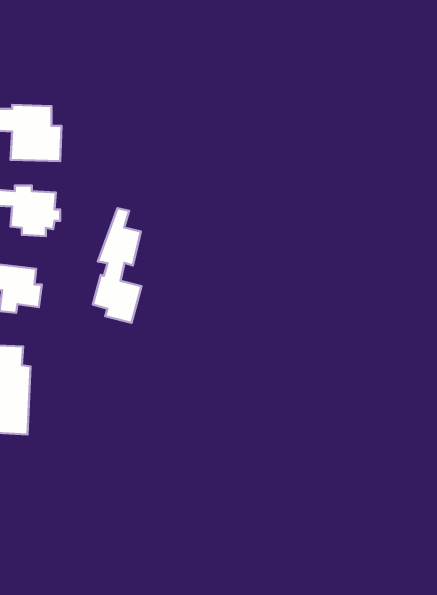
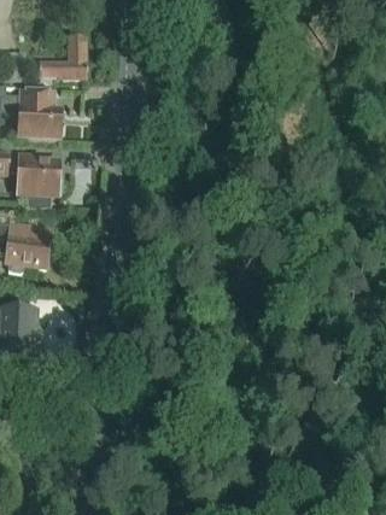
building: none -> [39,34,87,77]
building: [93,208,141,323] -> none

